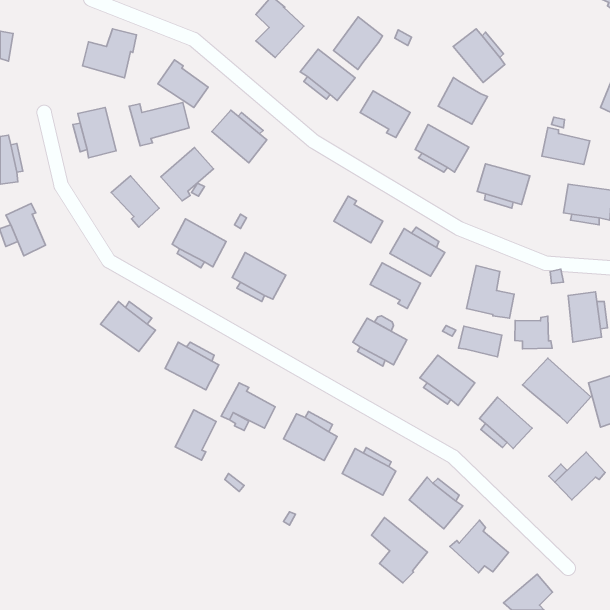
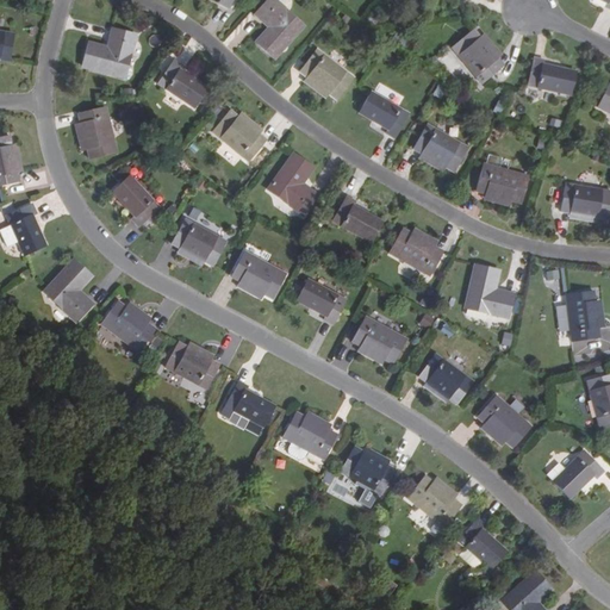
building: [333,17,383,69] -> none
building: [438,77,488,124] -> none
building: [129,103,189,146] -> none
building: [542,128,590,165] -> [529,57,577,94]
building: [161,148,213,201] -> none
building: none -> [268,154,318,216]
building: none -> [44,259,93,322]
building: [370,263,420,308] -> [297,279,347,324]
building: [515,316,552,349] -> none
building: [458,326,502,357] -> none
building: [523,358,591,423] -> none
building: [175,410,216,460] -> none
building: [371,518,427,583] -> none

